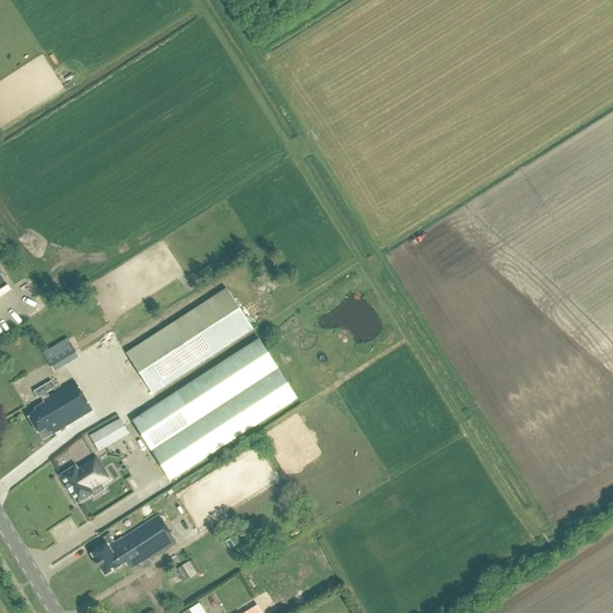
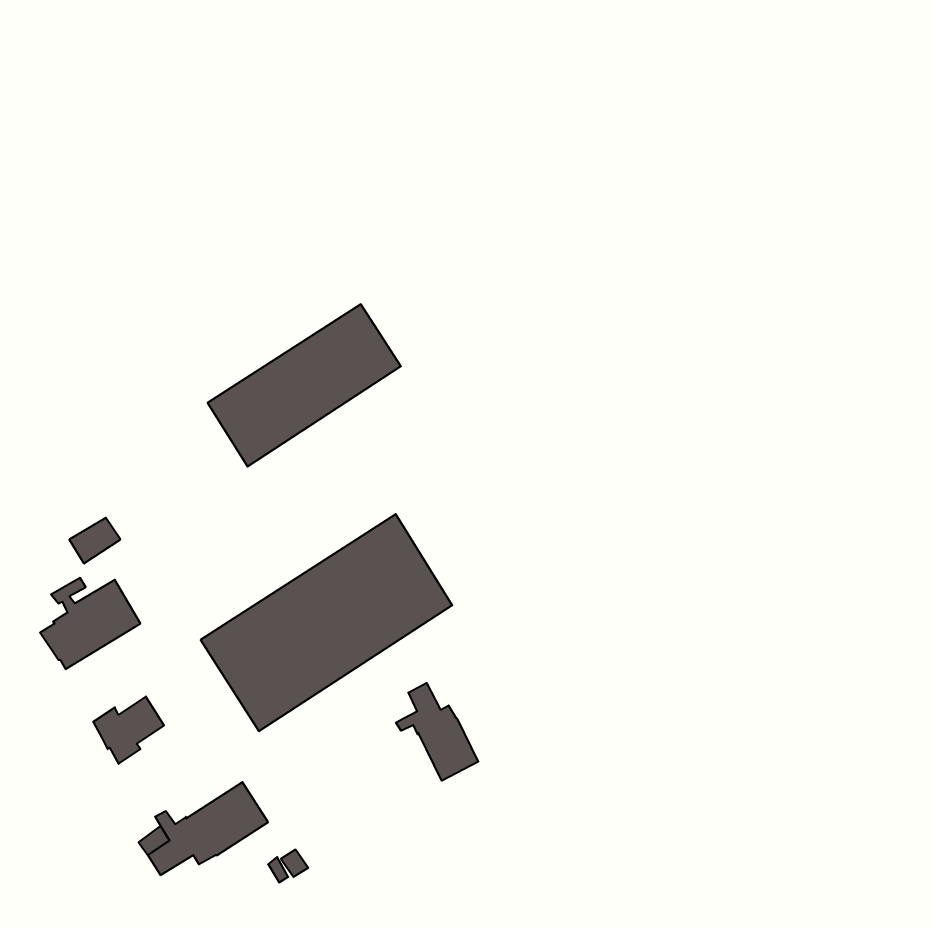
building: [126,287,253,394] -> [208,304,401,467]
building: [90,418,128,450] -> none
building: none -> [396,683,478,781]

